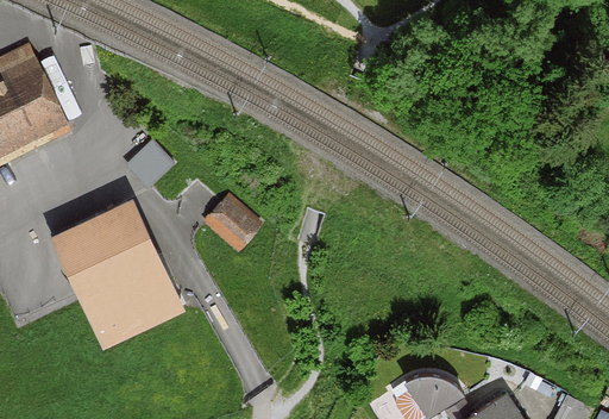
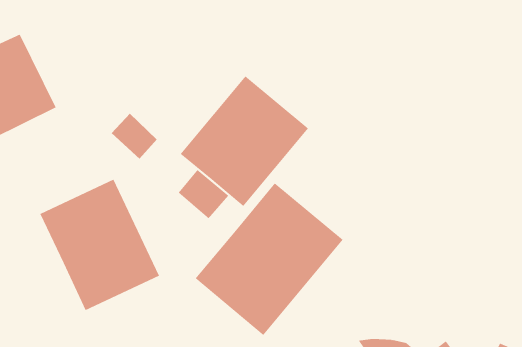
building: none -> [180,75,309,207]
building: none -> [195,183,343,336]

